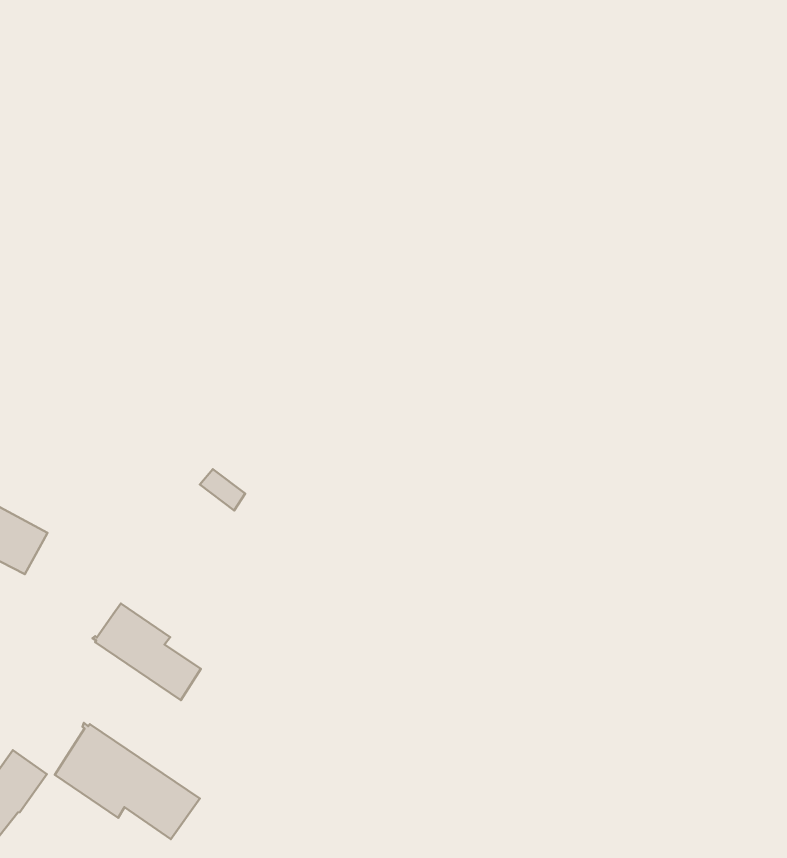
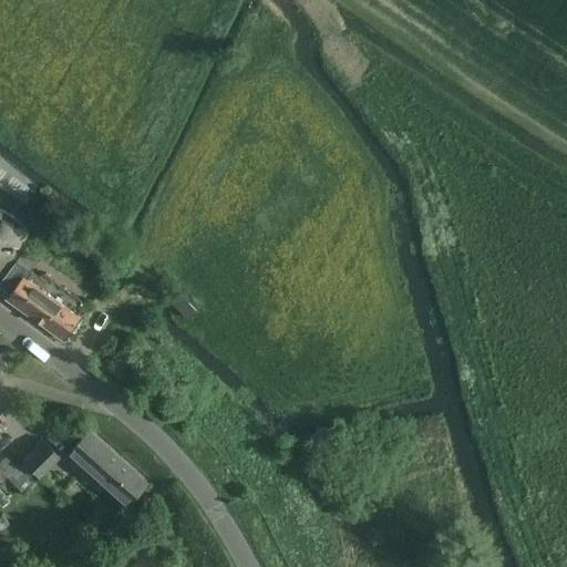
building: [93,604,201,700] -> none

